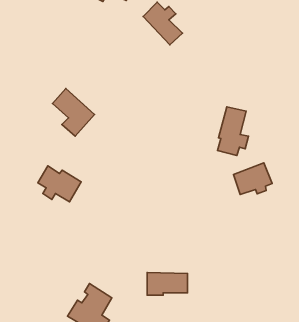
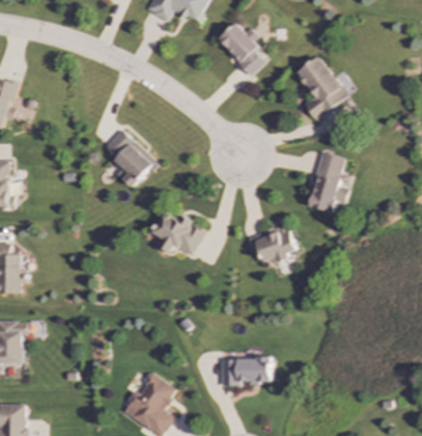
building: none -> [294,56,345,119]
building: [234,163,272,195] -> [249,223,297,263]
building: [38,166,81,202] -> [152,211,206,255]

